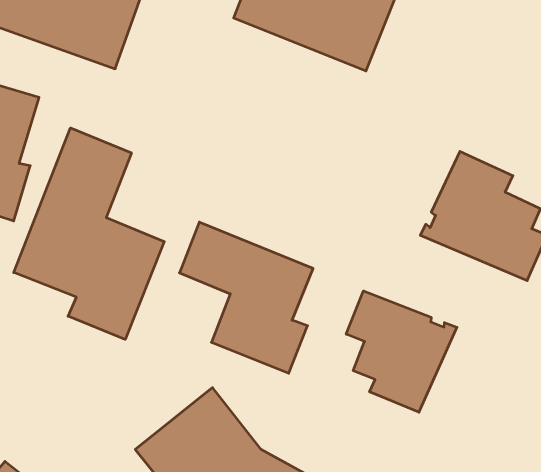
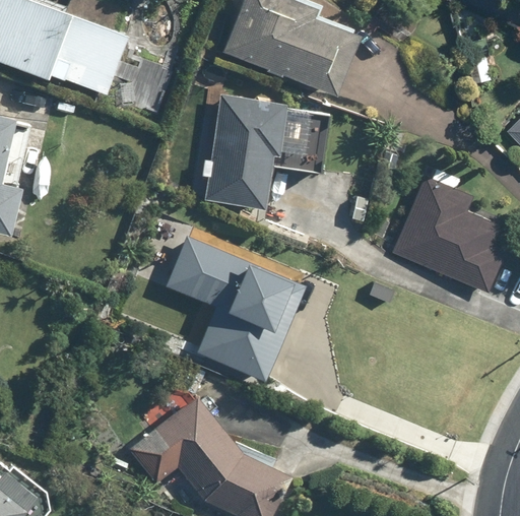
building: none -> [206,96,329,208]
building: [14,128,164,339] -> none
building: [346,291,457,412] -> none

